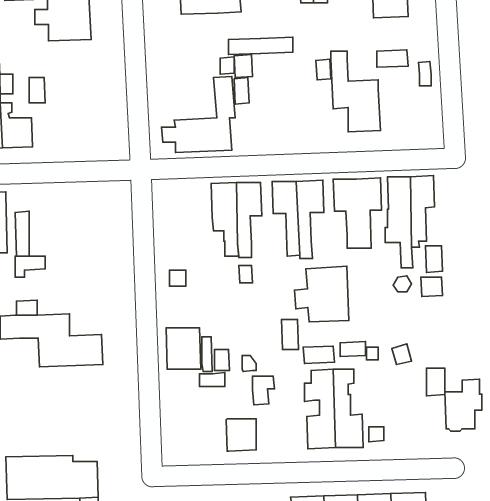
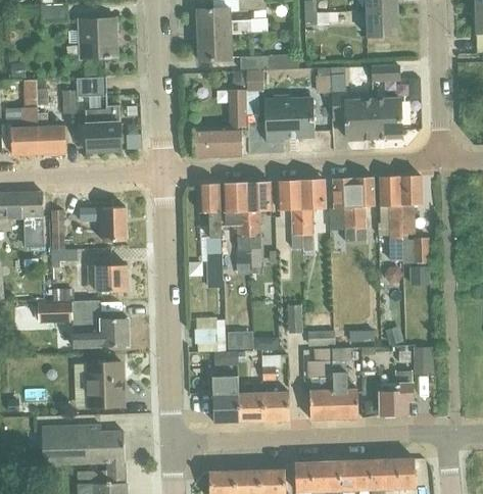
building: none -> [197,34,231,60]
building: none -> [77,79,106,97]
building: none -> [263,96,315,142]
building: none -> [372,100,400,138]
building: none -> [85,105,122,151]
building: none -> [198,185,222,288]
building: none -> [78,206,126,241]
building: [294,266,349,322] -> none
building: none -> [87,265,127,292]
building: [445,379,482,431] -> [380,370,413,416]
building: none -> [85,361,123,407]
building: none -> [210,375,238,422]
building: none -> [263,392,289,421]

